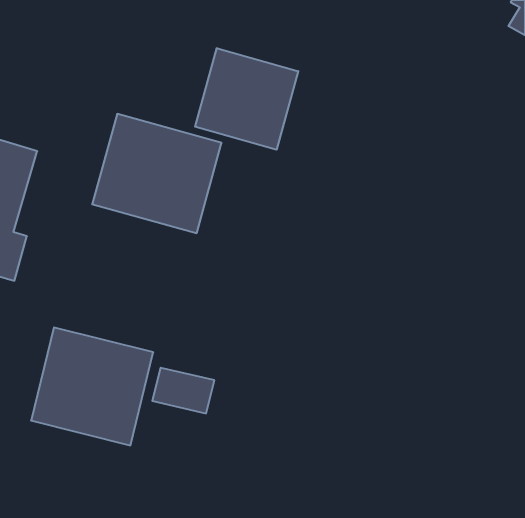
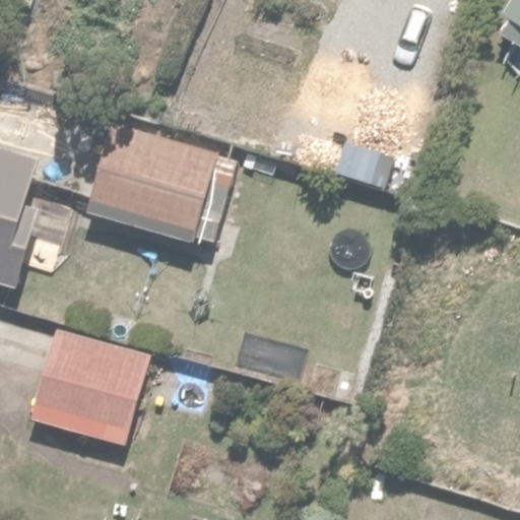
building: [195,48,298,150] -> none

